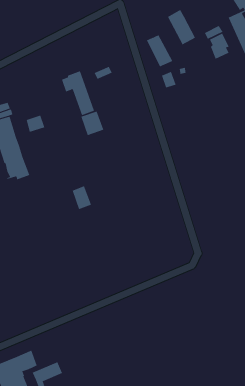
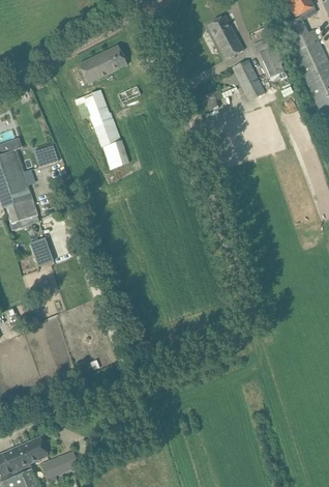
building: none -> [79,45,127,83]
building: [146,34,173,67] -> [233,59,266,99]
building: [72,185,92,210] -> [30,236,55,266]

